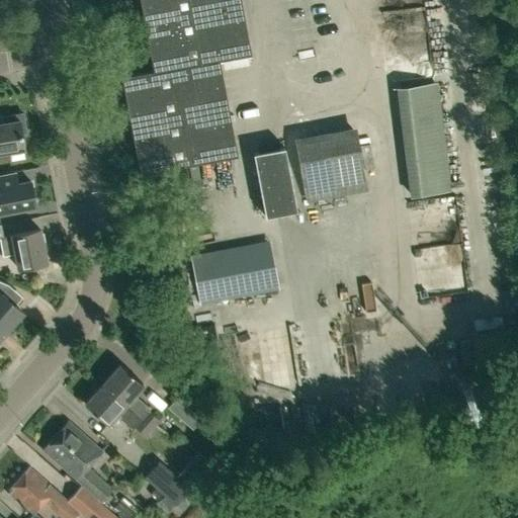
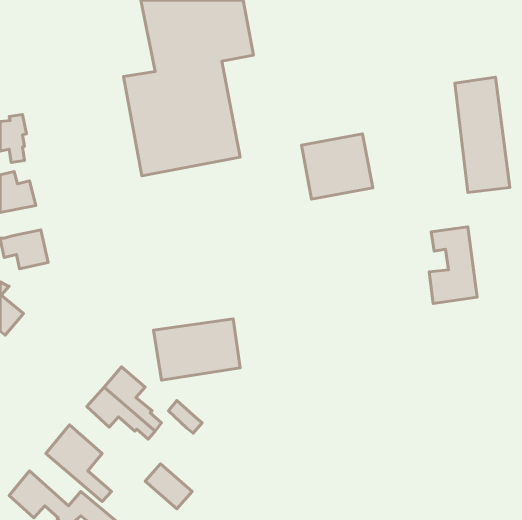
building: [396,84,450,198] -> [455,77,510,193]
building: [254,149,296,218] -> none
building: [193,240,279,300] -> [153,319,240,380]

